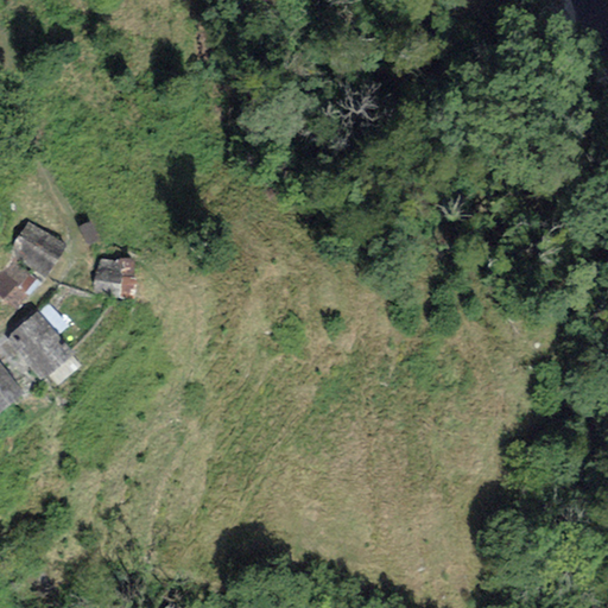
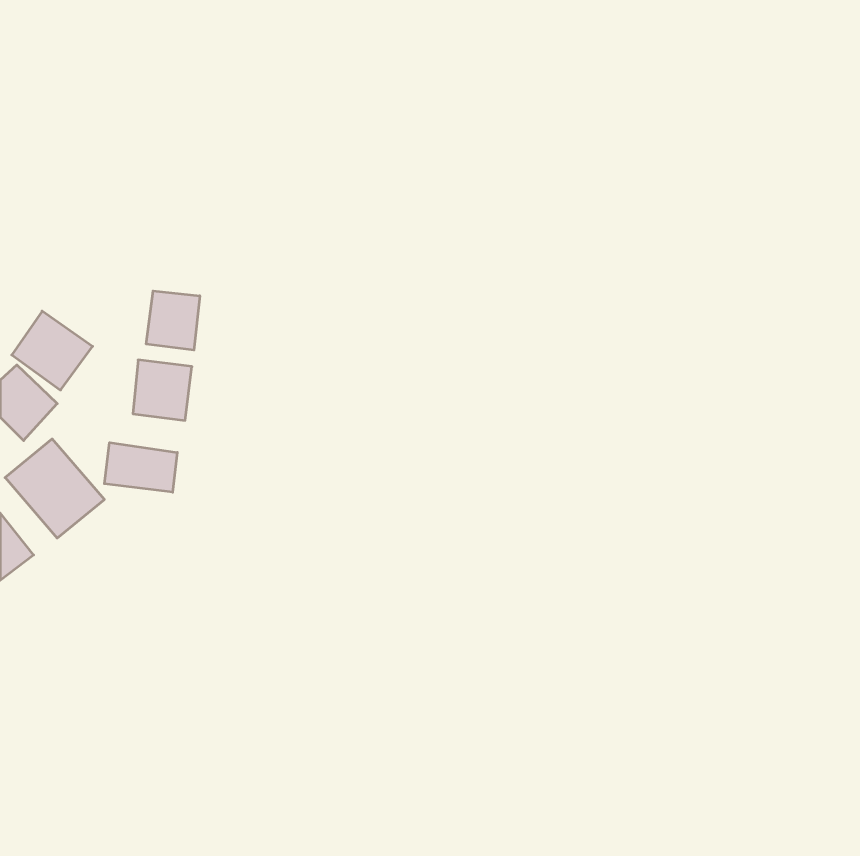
building: none -> [146,291,200,350]
building: none -> [104,443,177,492]

